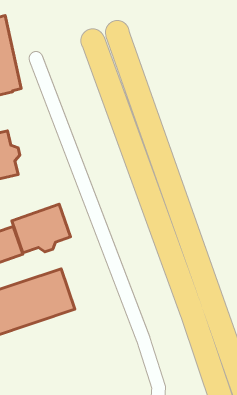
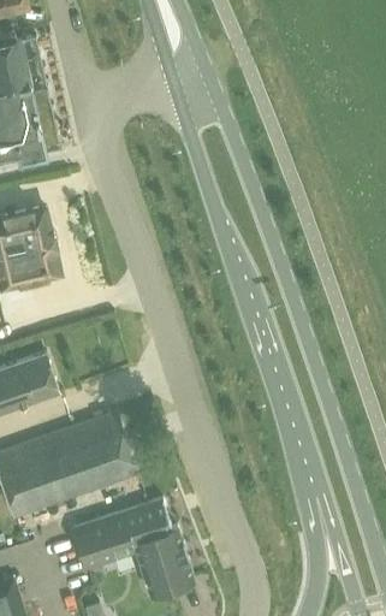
building: [12,204,71,253] -> none
building: none -> [72,499,192,592]

